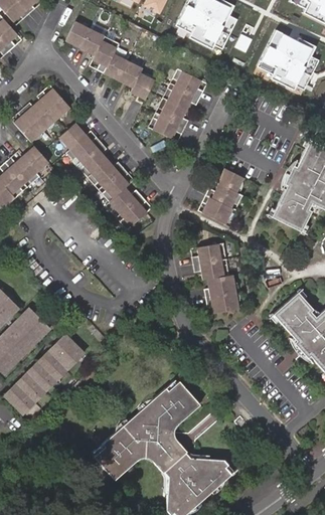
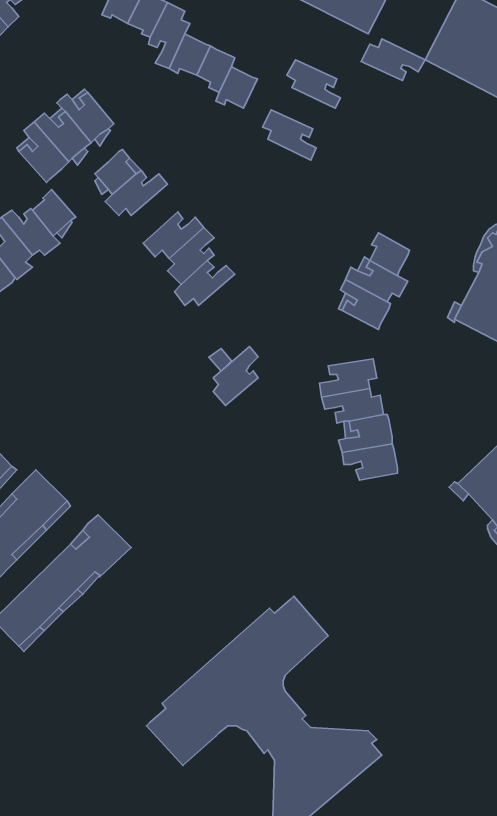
building: [164,85,201,110] -> [361,39,425,80]
building: [149,116,187,140] -> none
building: [82,142,110,176] -> none
building: [122,194,148,228] -> [213,347,258,405]

